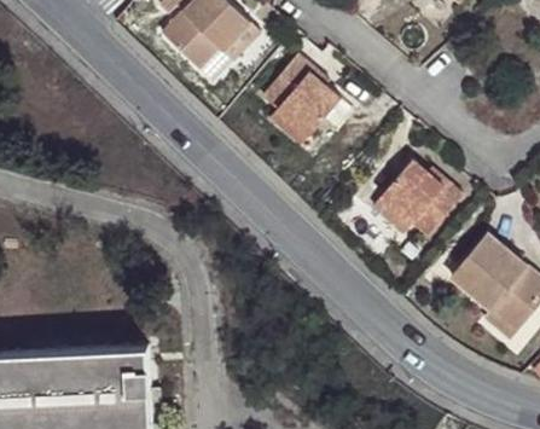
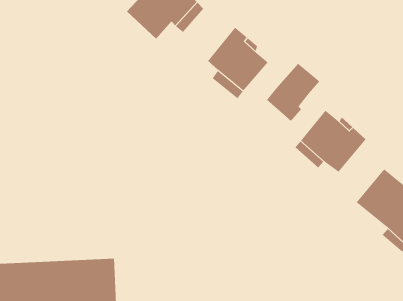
building: none -> [266,63,320,122]

